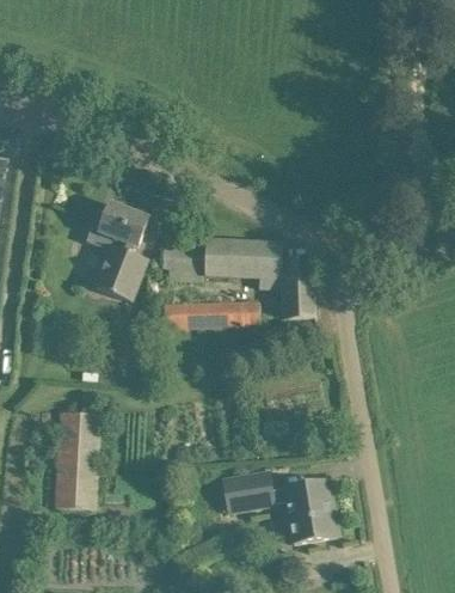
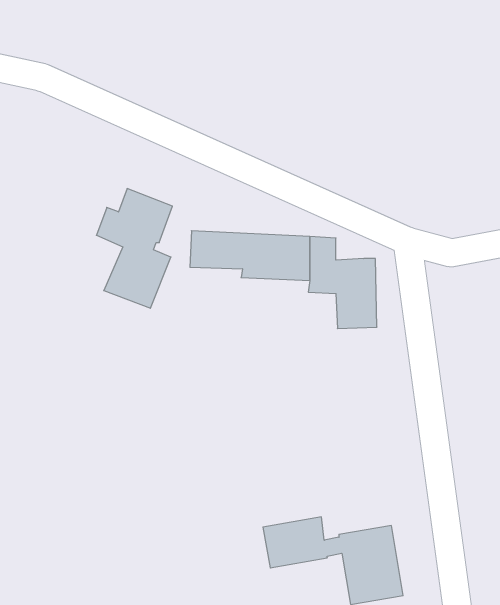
building: [164,301,260,329] -> none
building: [56,411,99,511] -> none

